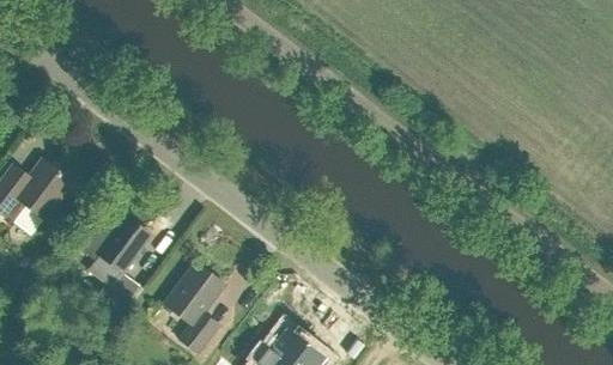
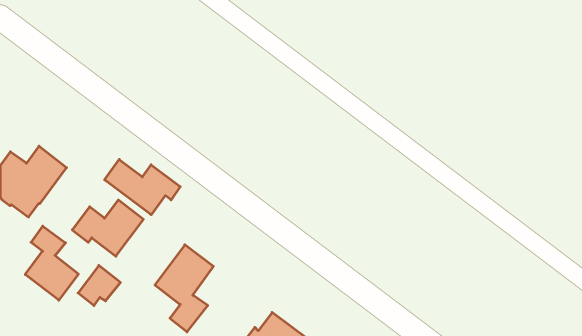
building: none -> [105,159,180,215]
building: none -> [25,226,78,300]

